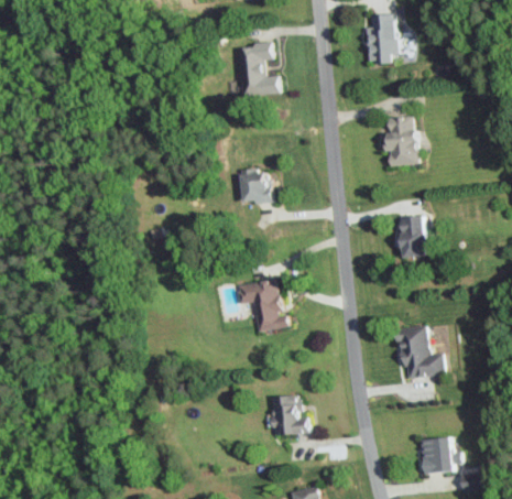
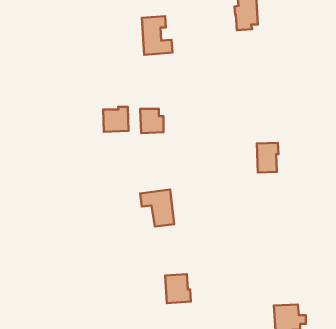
building: [381,115,418,166] -> none
building: none -> [103,107,129,132]
building: [397,326,446,379] -> none

